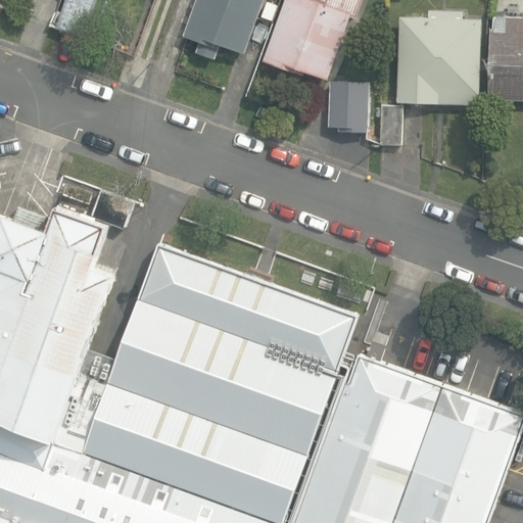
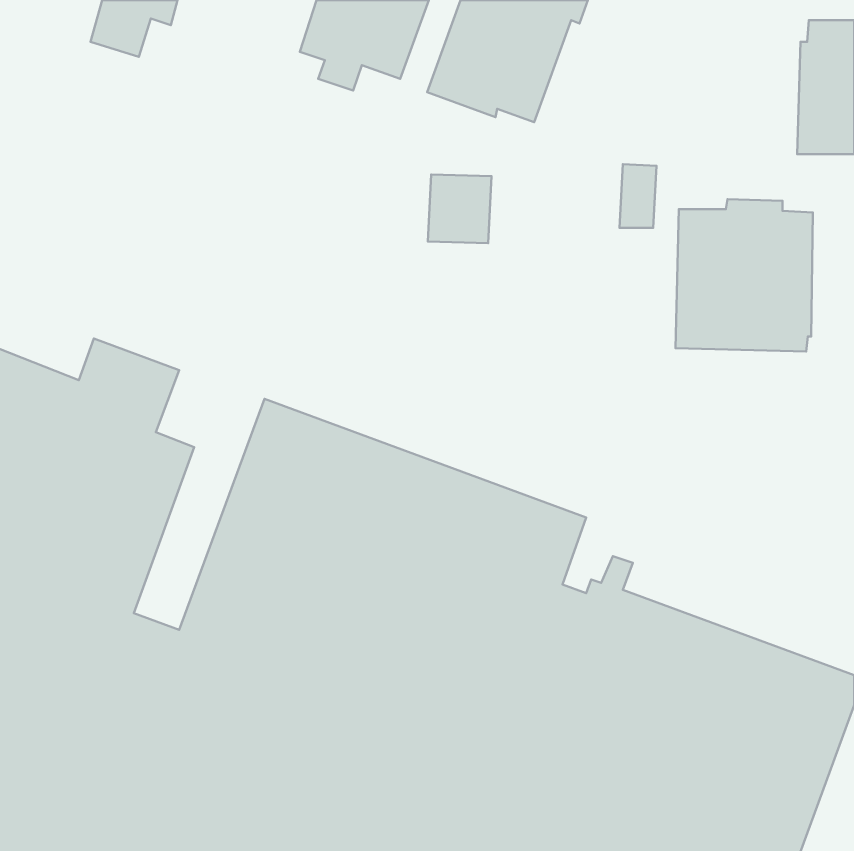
building: [396,9,480,102] -> [675,199,813,352]
building: [328,82,367,124] -> [428,174,491,243]

